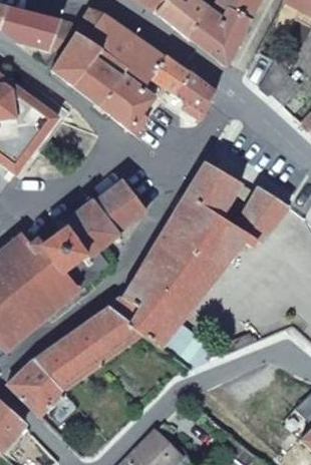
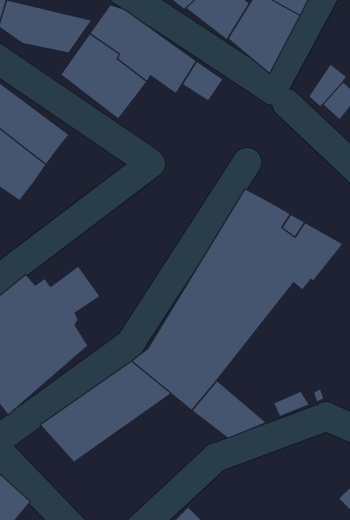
building: [175,69,218,113] -> none
building: [99,73,156,134] -> none
building: [63,178,151,293] -> none
building: [8,359,64,415] -> none

